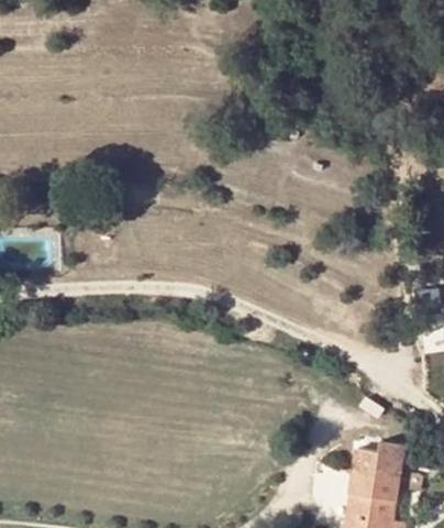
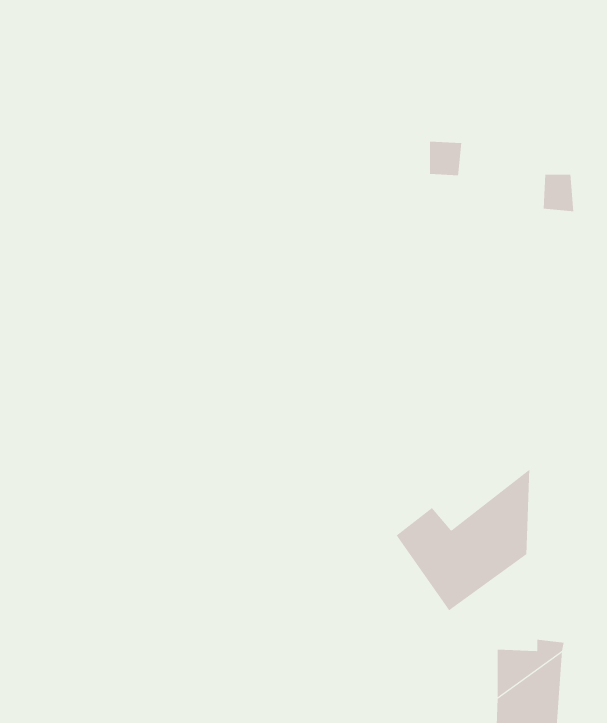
building: none -> [396,469,530,611]

